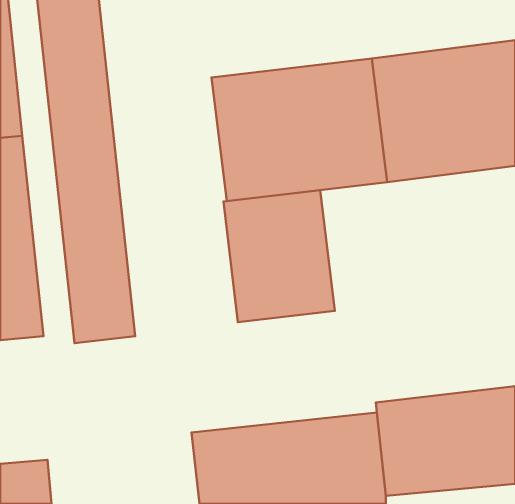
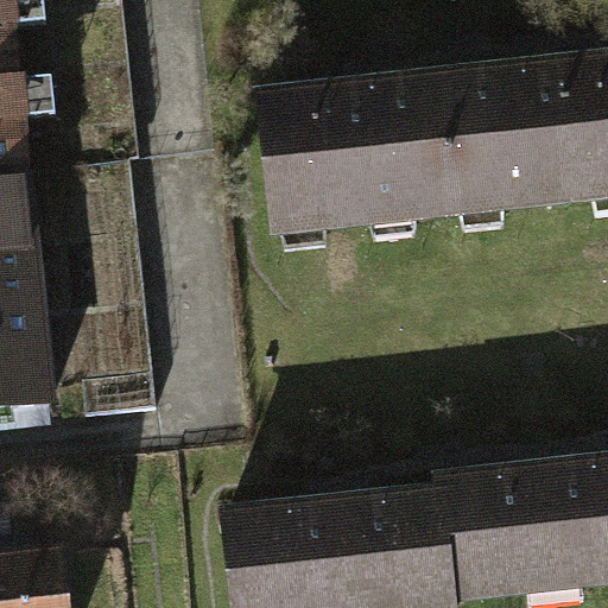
building: [223,190,335,322] -> none

